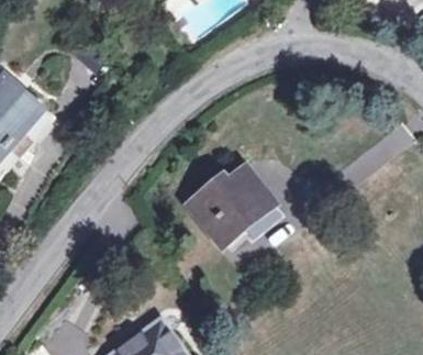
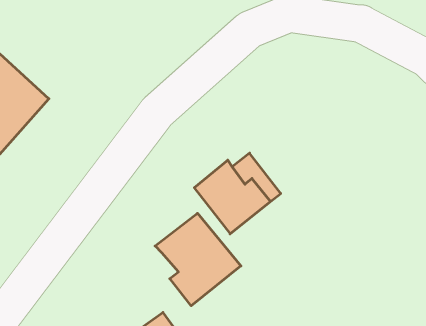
building: none -> [155,213,241,306]

